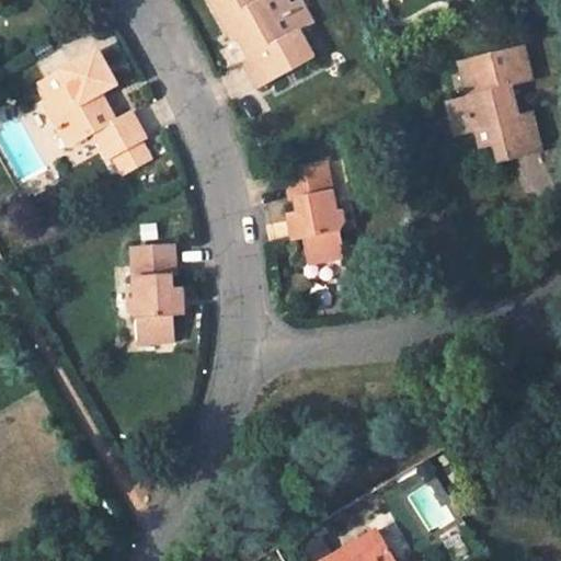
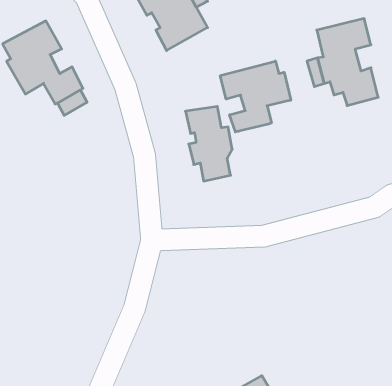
building: none -> [220,61,291,132]
building: [128,244,183,344] -> none

